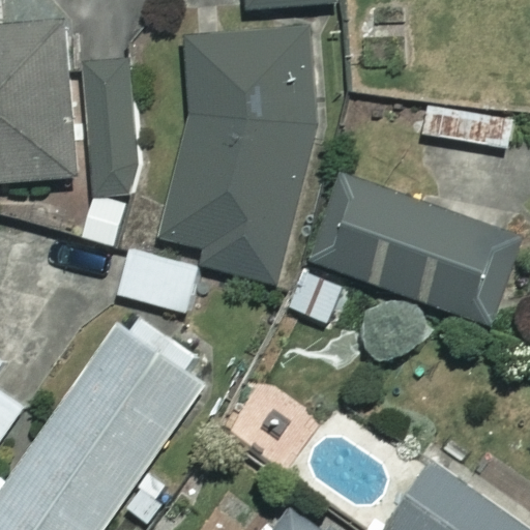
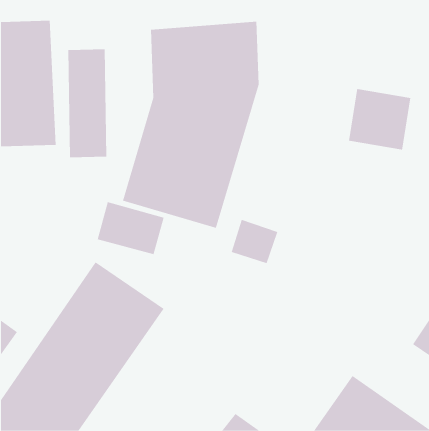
building: [311,173,520,324] -> none

